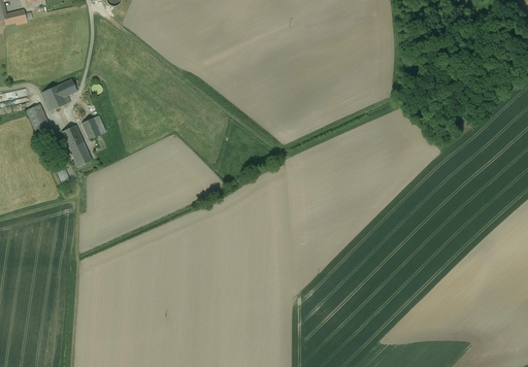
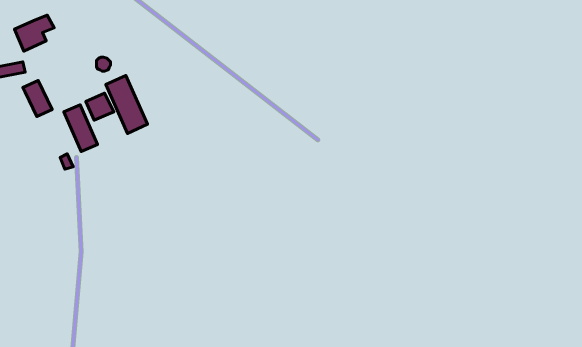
building: [42,79,77,111] -> [15,15,54,51]
building: none -> [106,75,148,133]

